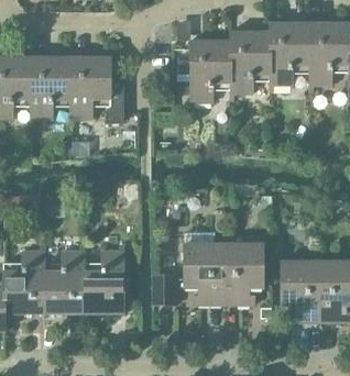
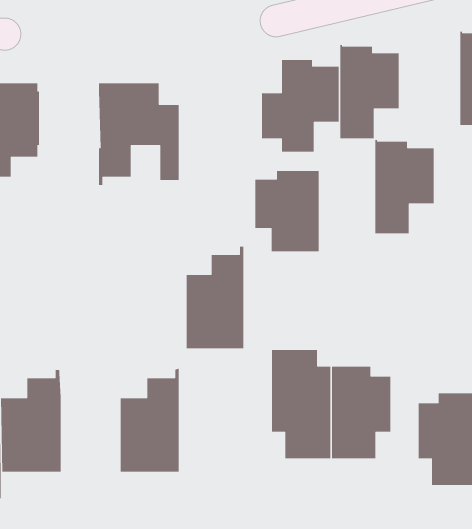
building: [269,22,308,85] -> [375,139,434,234]
building: [30,56,70,119] -> none
building: none -> [255,170,320,252]
building: [45,245,84,313] -> [186,246,244,349]
building: [153,274,175,305] -> none

